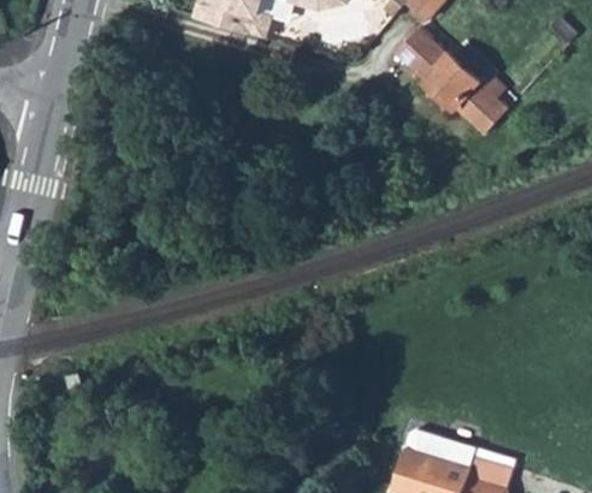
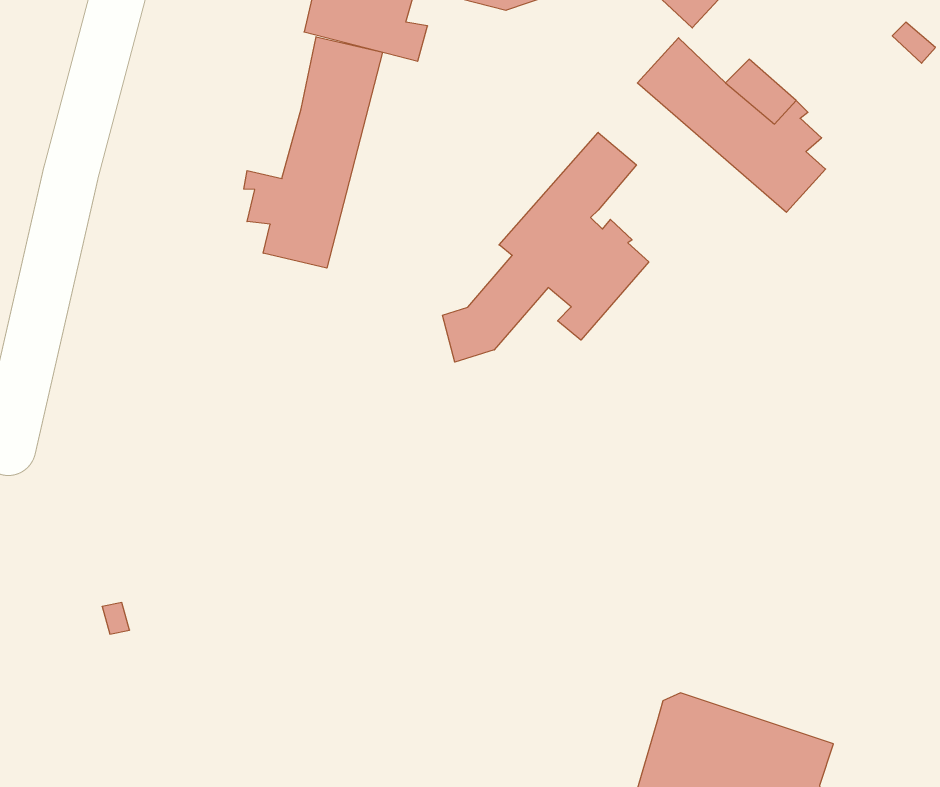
building: none -> [244,37,383,268]
building: none -> [442,132,649,362]

